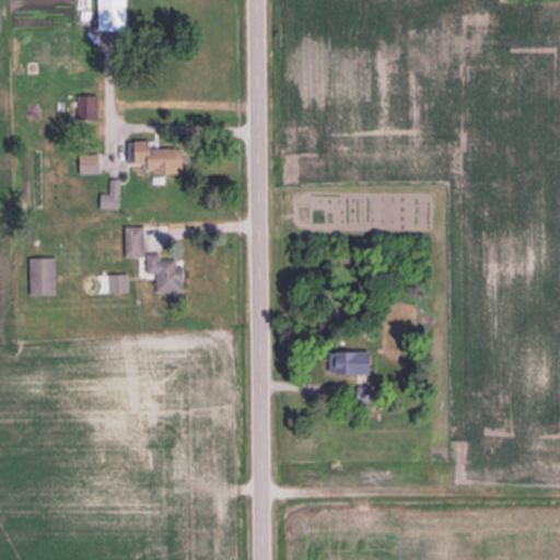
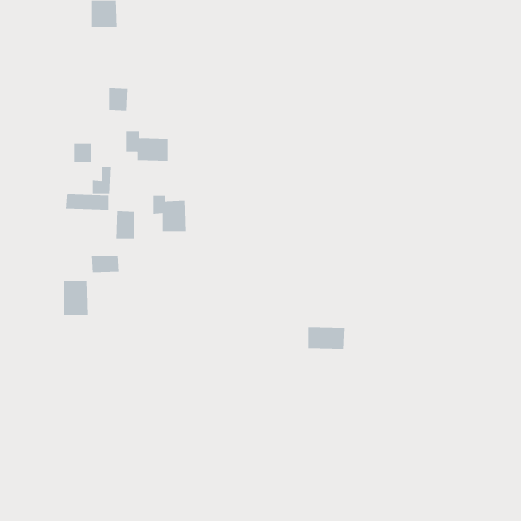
building: [78,95,98,120] -> [109,88,128,111]
building: none -> [66,193,109,211]
building: [147,254,183,293] -> [153,195,186,232]
building: [30,258,57,295] -> [63,281,89,315]

